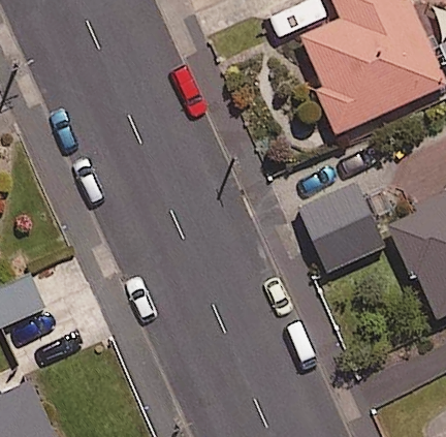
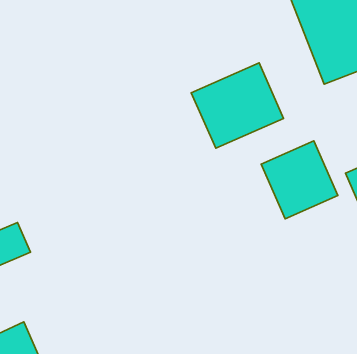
building: none -> [191,63,284,148]

